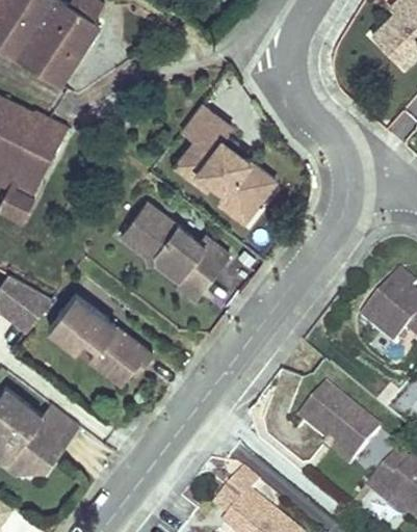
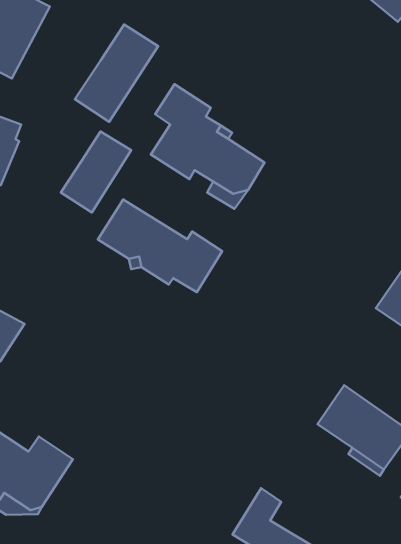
building: none -> [75,25,158,122]
building: none -> [61,131,131,212]
building: [49,294,153,383] -> none

